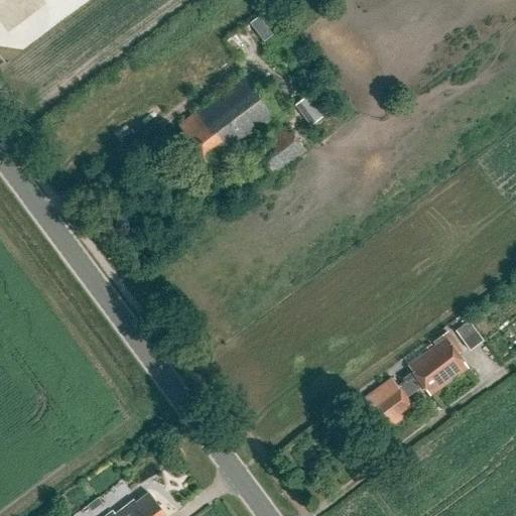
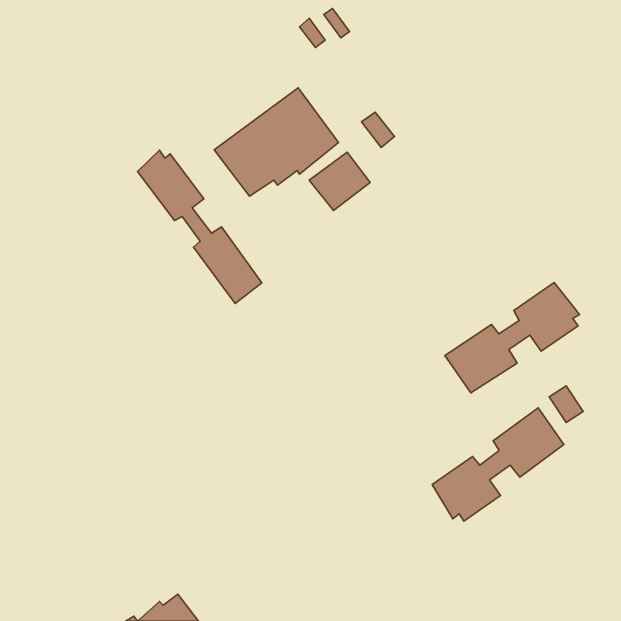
building: none -> [137,150,262,304]
building: none -> [445,282,579,393]

